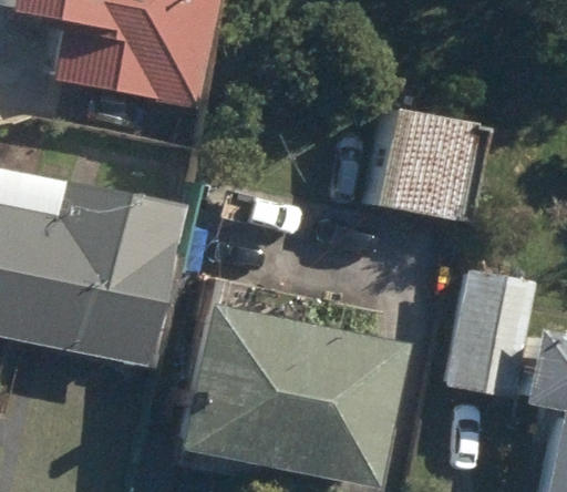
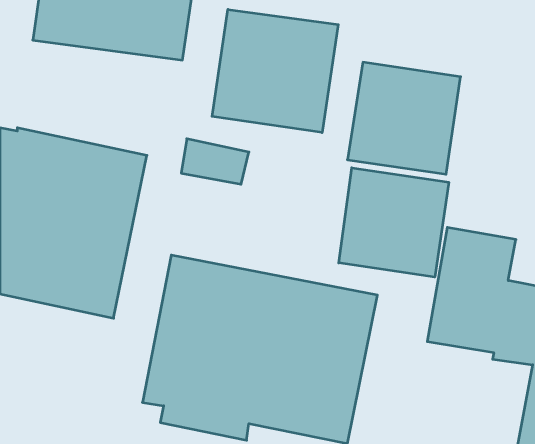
building: none -> [212,9,338,133]
building: none -> [339,168,449,277]

